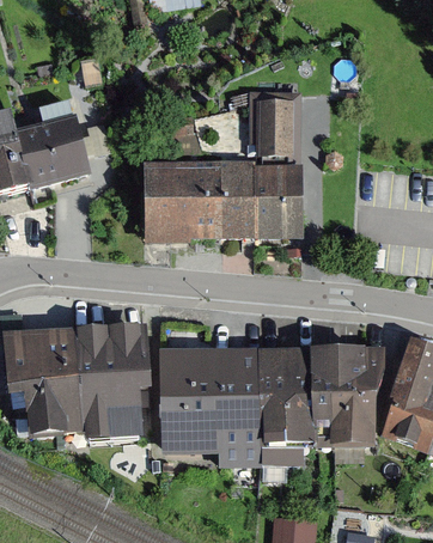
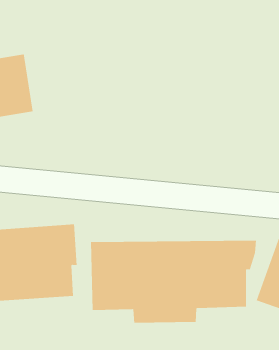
building: [254,96,304,142] -> none
building: [145,158,305,244] -> none

